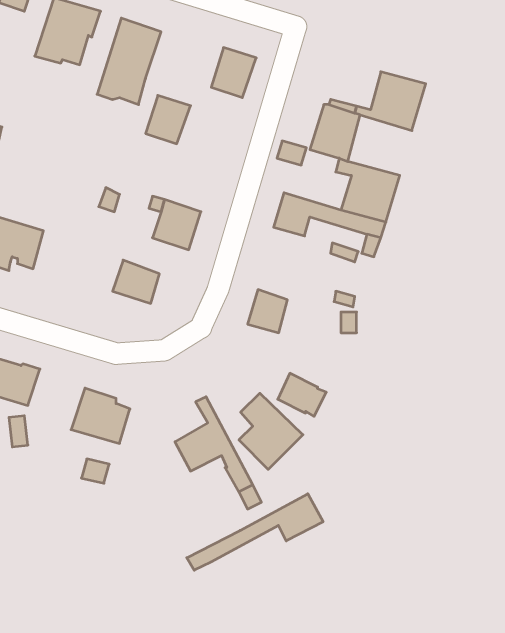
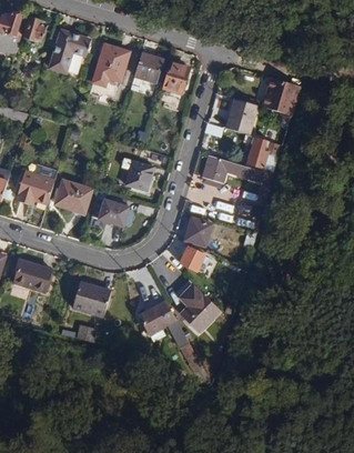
building: [146,95,191,144] -> [133,52,162,83]
building: none -> [53,180,91,214]
building: [278,373,326,416] -> [179,246,210,274]
building: [187,494,323,570] -> none

